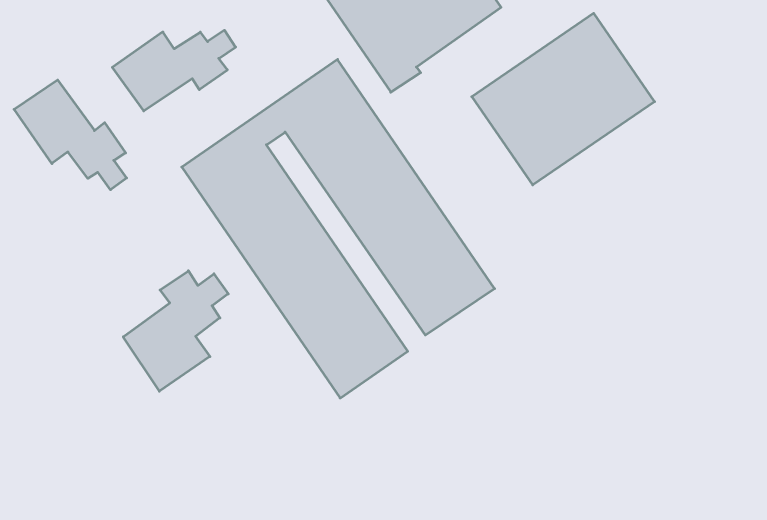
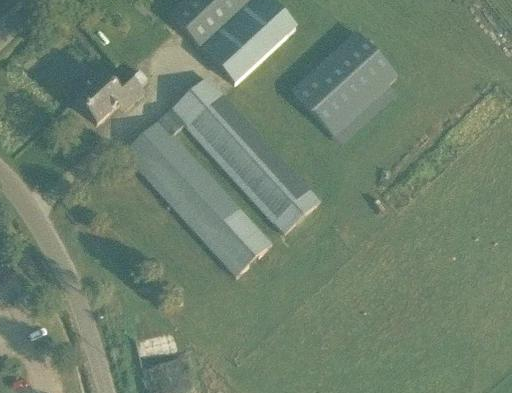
building: [14,80,127,190] -> none
building: [123,271,228,391] -> none

